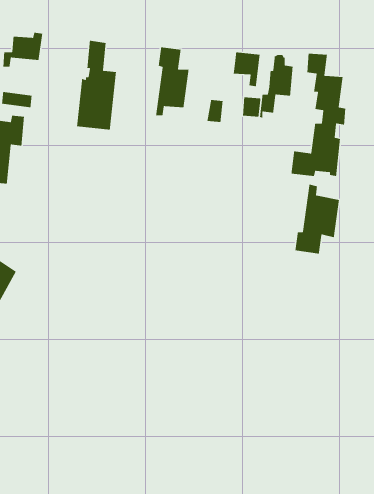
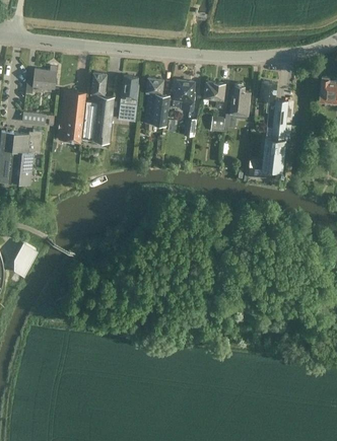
building: none -> [118,76,138,120]
building: none -> [173,80,195,111]
building: none -> [58,89,85,142]
building: [295,183,340,255] -> none

